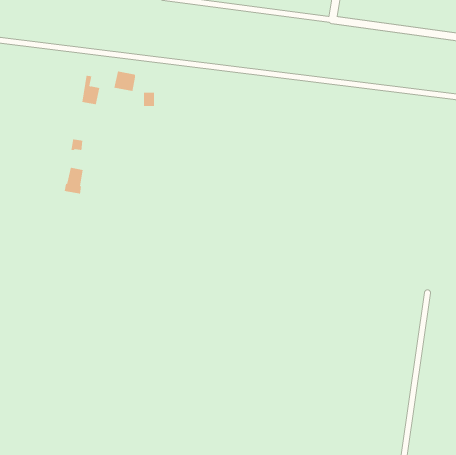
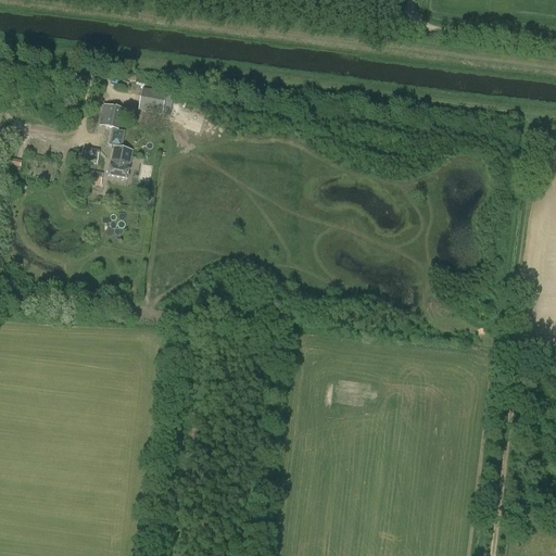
building: [64,167,84,194] -> [106,144,130,177]

